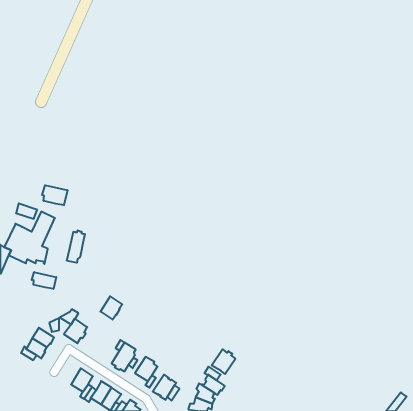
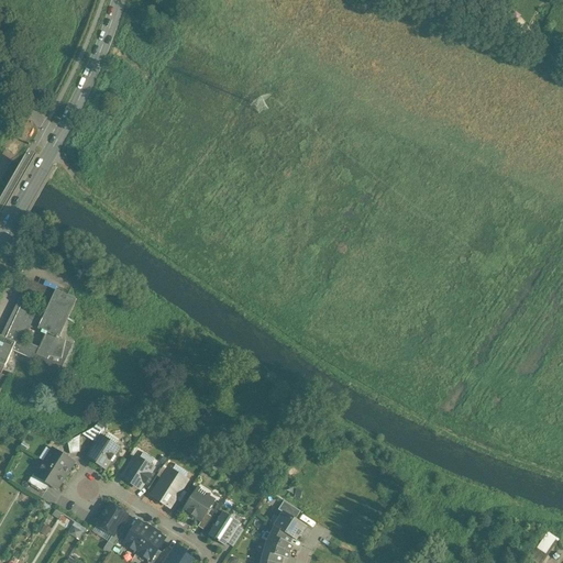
building: [42,185,67,205] -> none
building: [67,230,85,263] -> none
building: [32,272,56,289] -> none
building: [100,296,122,320] -> [123,455,153,487]
building: [212,349,235,374] -> none

